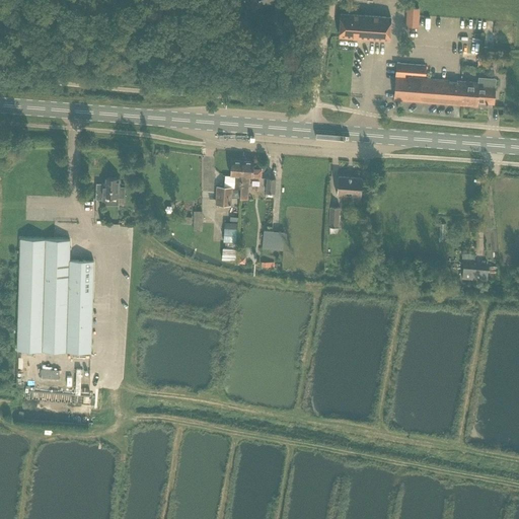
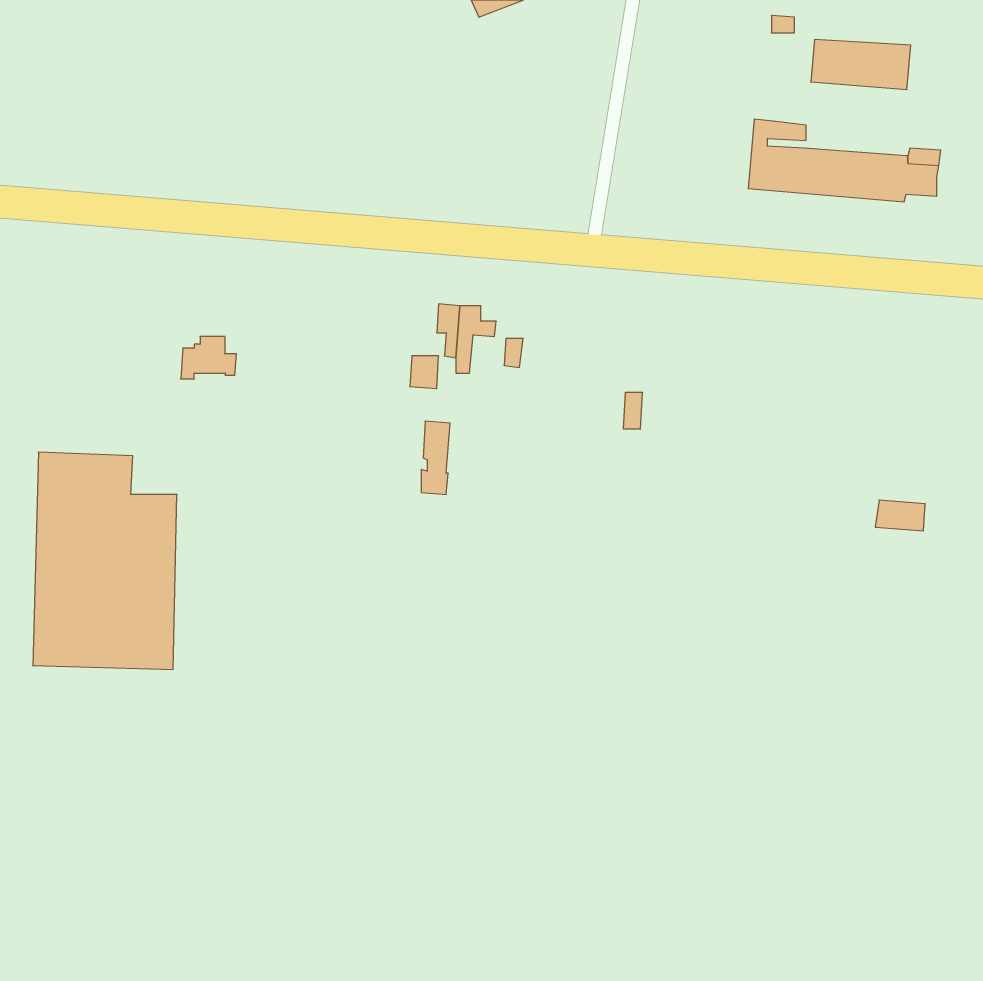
building: [339,15,391,42] -> [811,40,911,90]
building: [337,177,362,198] -> none
building: [262,231,284,251] -> none

